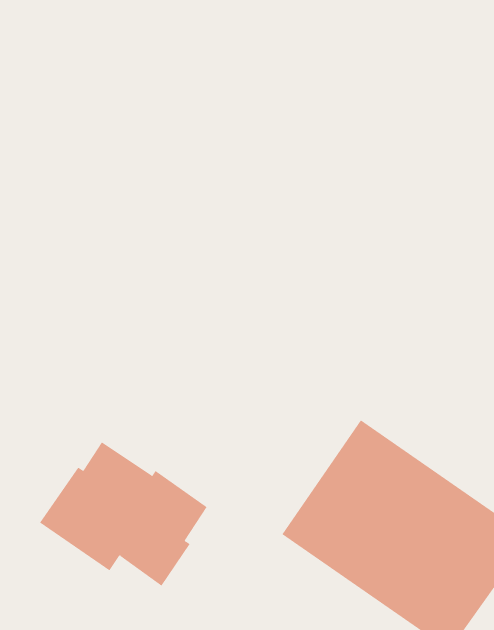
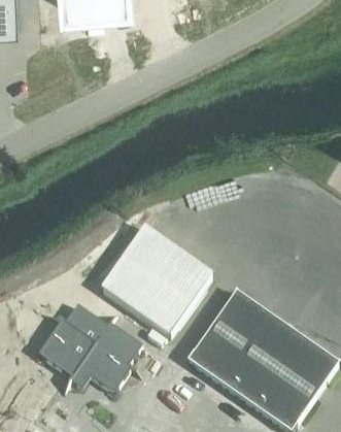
building: none -> [99,229,211,339]

